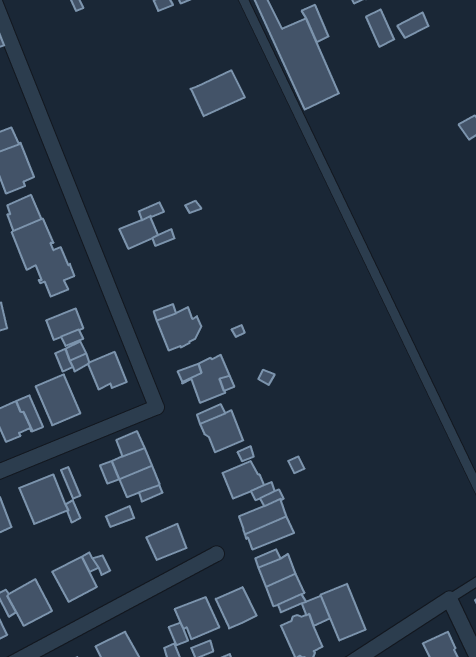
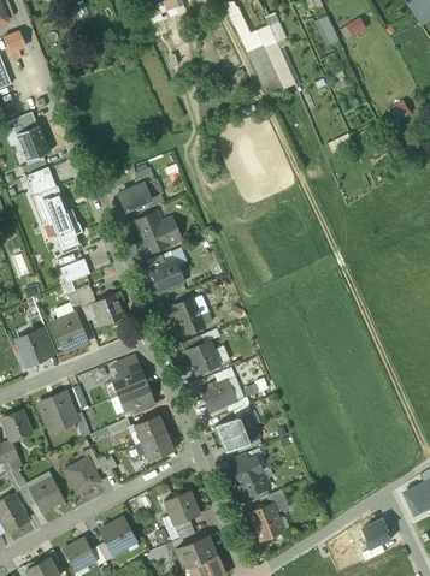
building: [190,70,245,116] -> none
building: none -> [135,215,178,251]
building: none -> [132,414,165,441]
building: [321,584,366,641] -> none
building: [216,587,257,629] -> none

